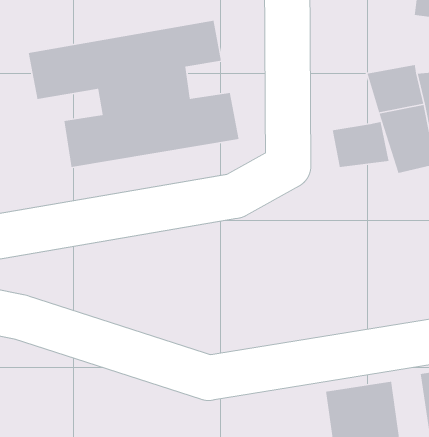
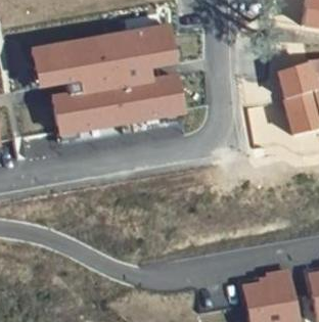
building: [332,121,390,168] -> none

